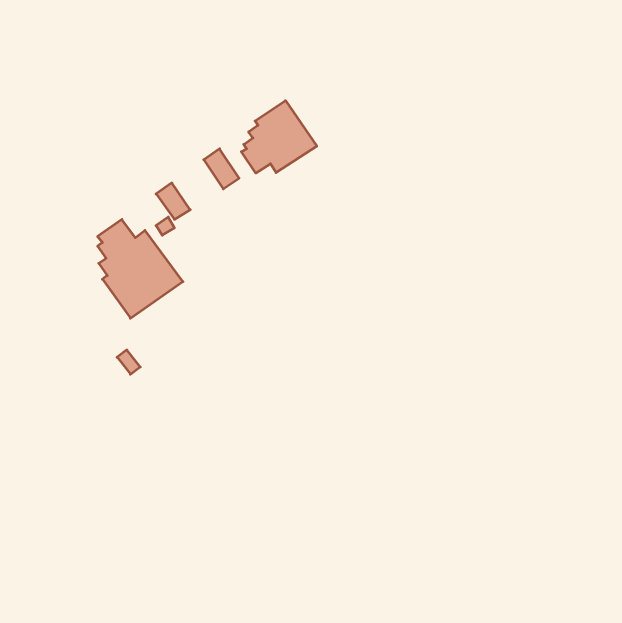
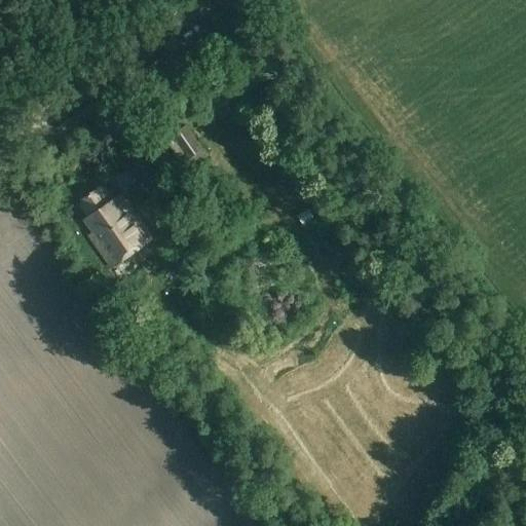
building: [241,101,317,173] -> none

